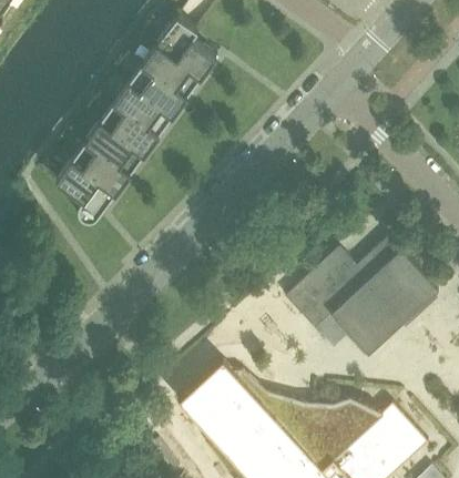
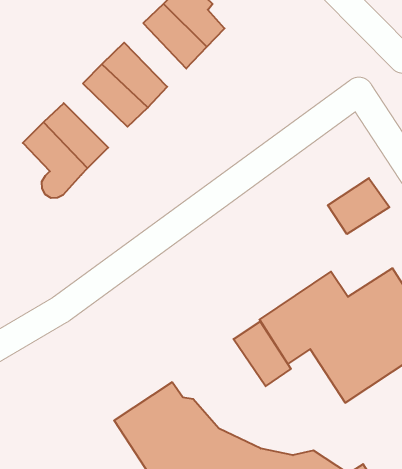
building: [132,63,187,113] -> none
building: [90,122,146,172] -> none
building: none -> [328,178,389,234]
building: none -> [233,321,291,386]

